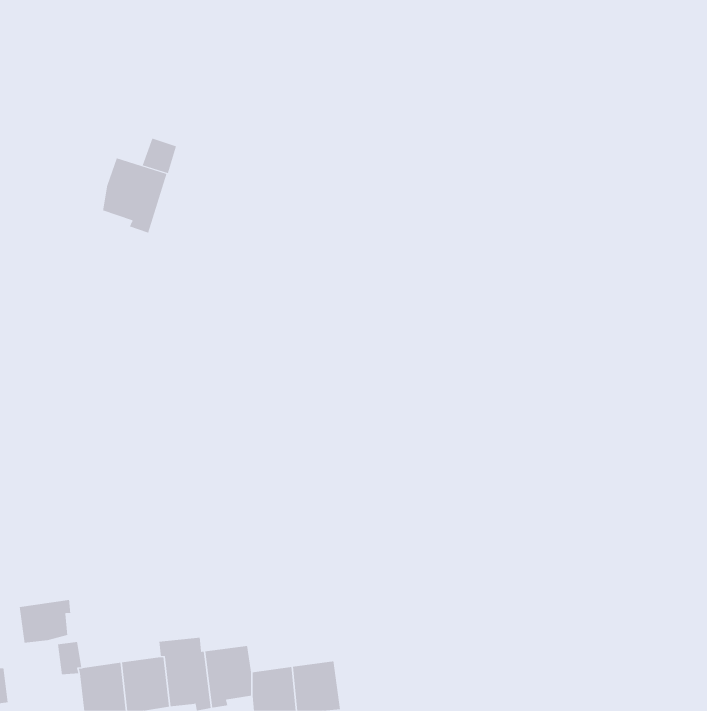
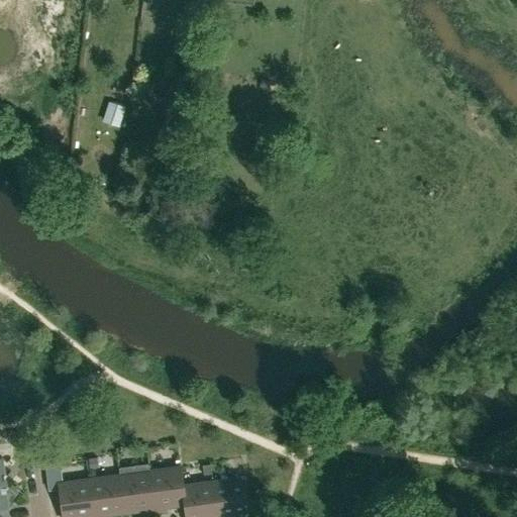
building: [103,158,167,234] -> none
building: [19,599,71,643] -> none

